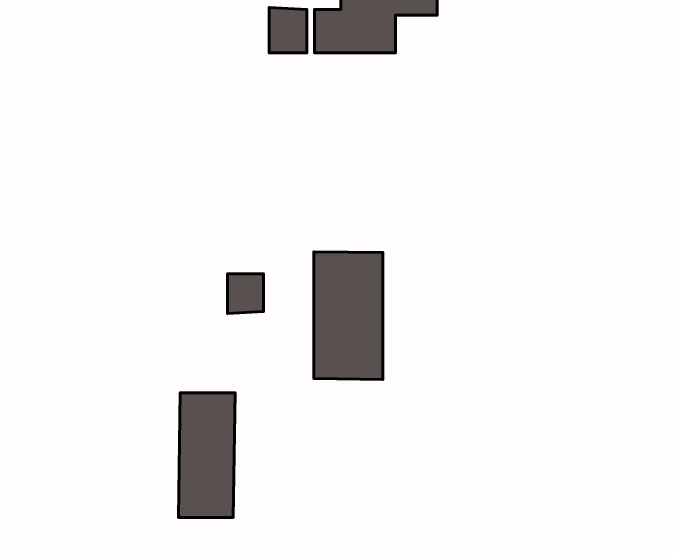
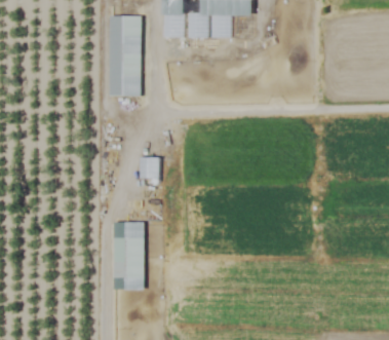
building: none -> [109,15,142,97]
building: [314,252,383,379] -> none

